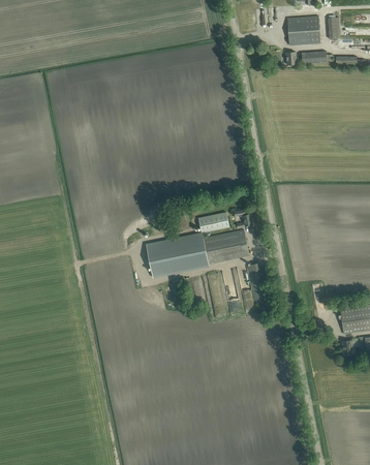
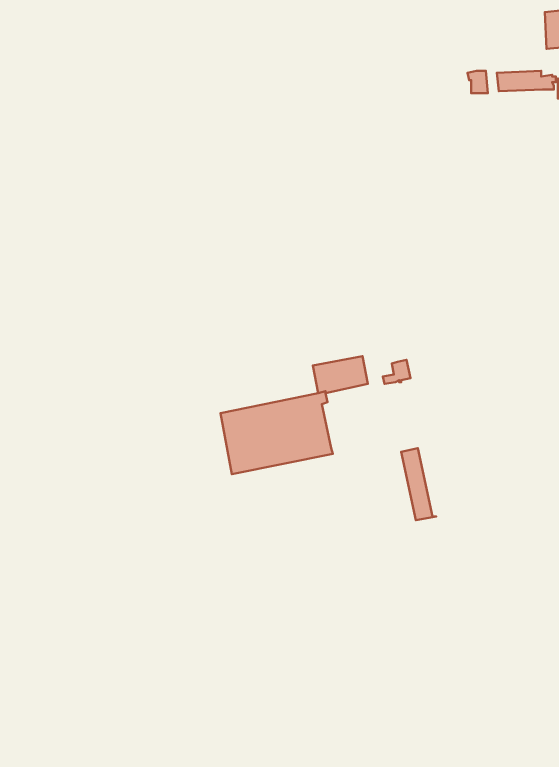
building: [286,17,318,45] -> none
building: [203,229,249,264] -> none

